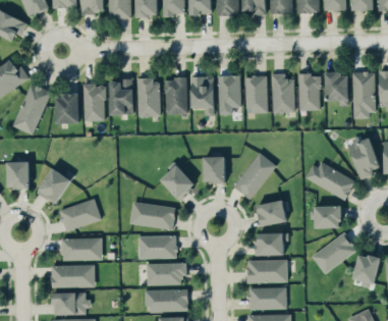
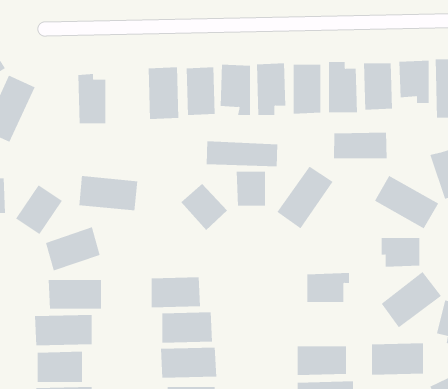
building: [110,79,133,114] -> none
building: [55,94,79,123] -> none
building: none -> [333,132,387,159]
building: none -> [206,141,278,167]
building: [257,200,289,226] -> none
building: [130,202,175,228] -> [78,176,138,211]
building: [247,259,287,283] -> [371,343,424,375]

